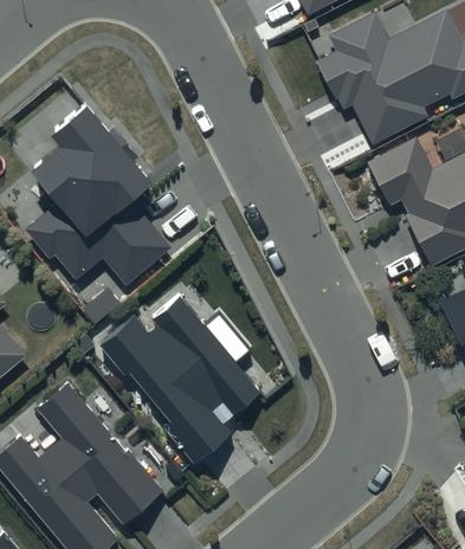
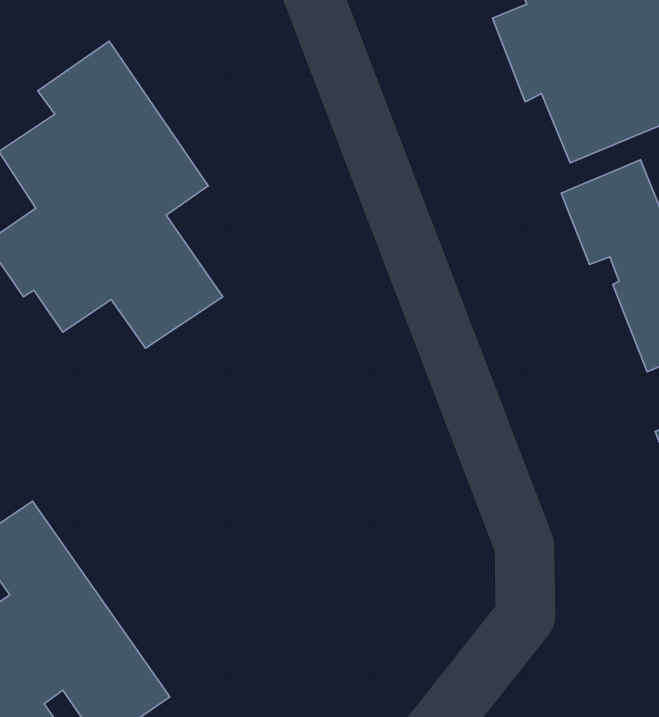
building: [98,293,264,465] -> none

